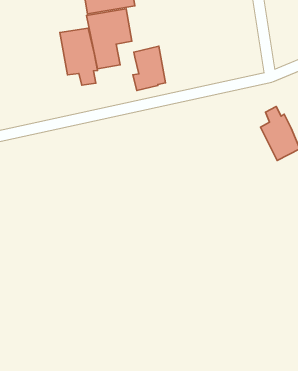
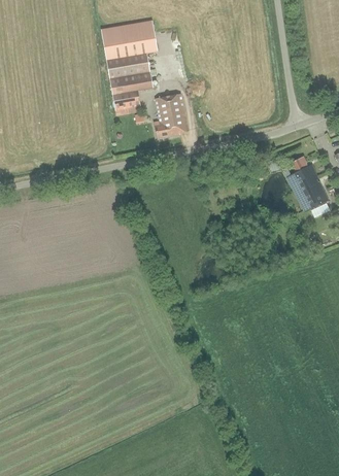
building: [60,28,97,85] -> none

